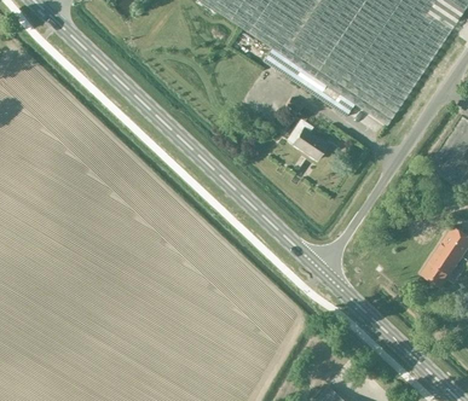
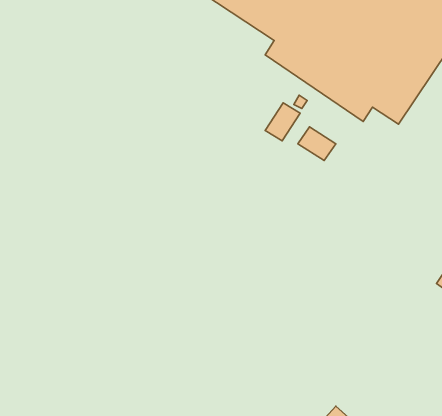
building: none -> [265,103,300,141]

